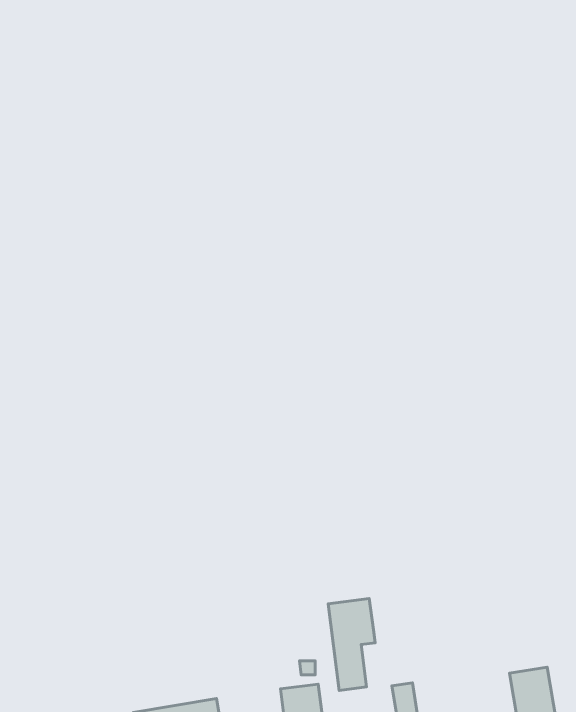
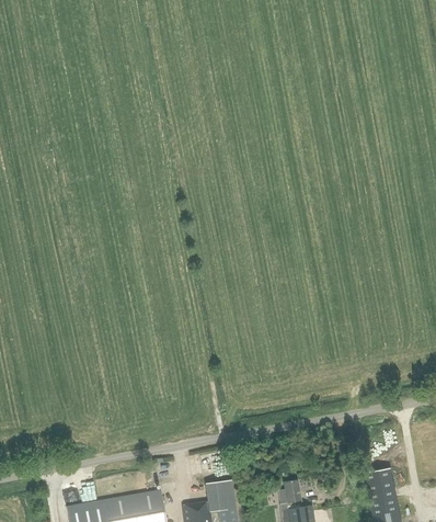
building: [328,599,375,690] -> none

